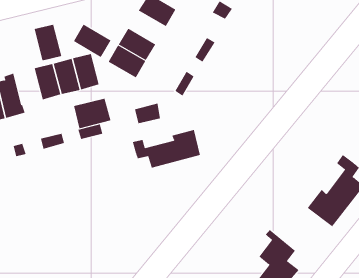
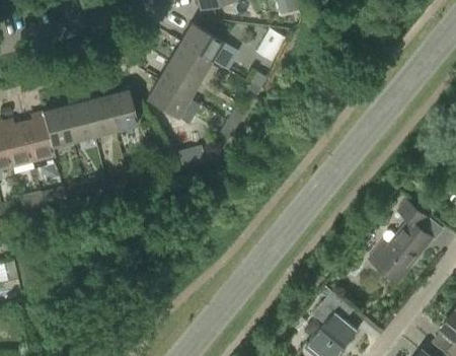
building: [73,24,111,58] -> [168,43,211,80]
building: [34,24,62,61] -> [42,106,73,147]
building: [74,98,111,129] -> none
building: [132,129,201,168] -> none

